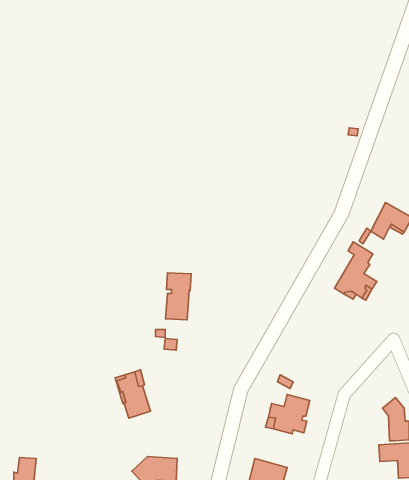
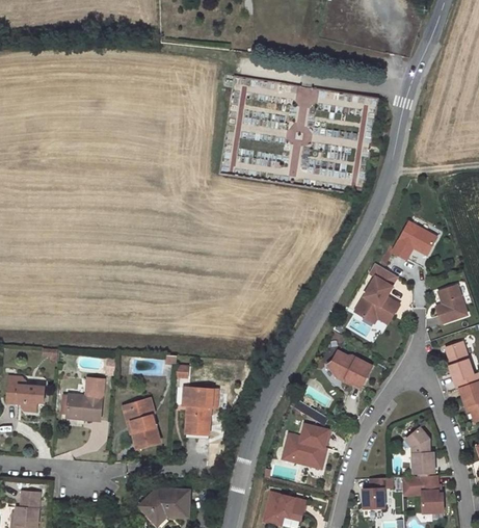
building: [166,273,191,320] -> [185,388,212,438]
building: none -> [326,350,372,387]
building: none -> [6,376,44,411]
building: none -> [61,378,104,420]
building: none -> [363,477,391,509]

